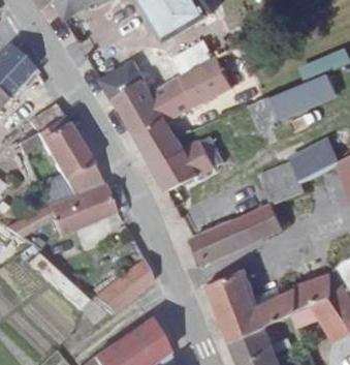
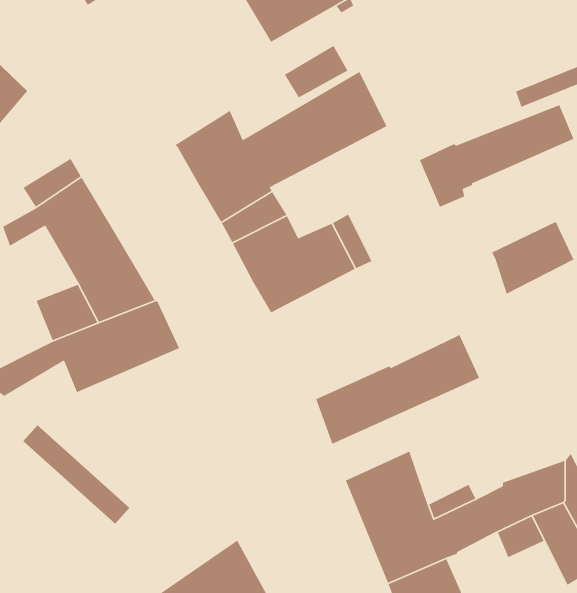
building: [102,60,147,100] -> none
building: [261,161,306,204] -> none
building: [94,258,155,314] -> none

